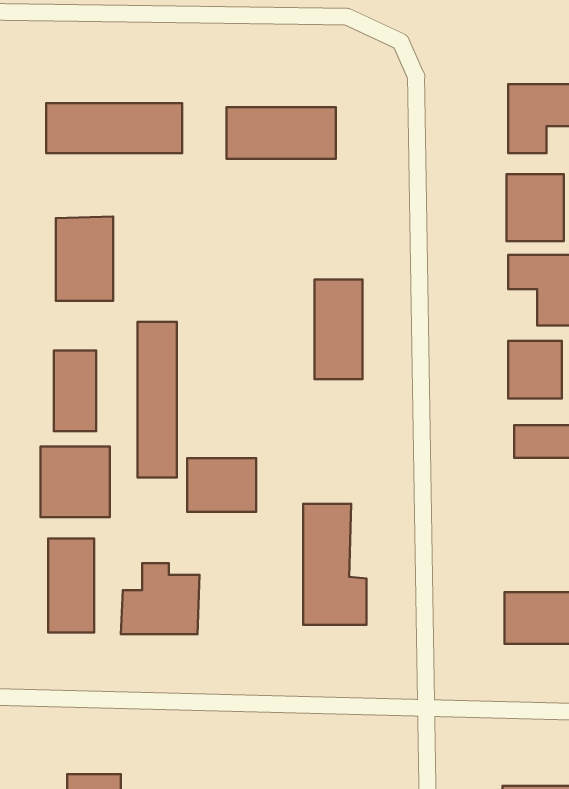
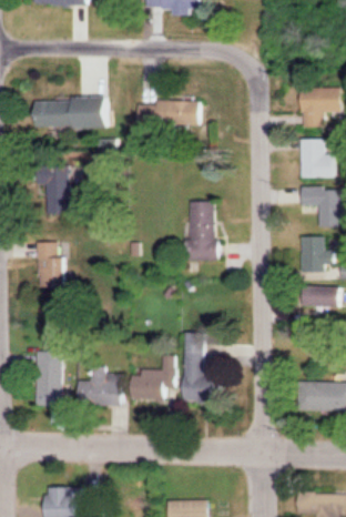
building: [137,322,177,477] -> none
building: [41,446,110,517] -> none
building: [187,458,256,512] -> [131,367,171,398]

